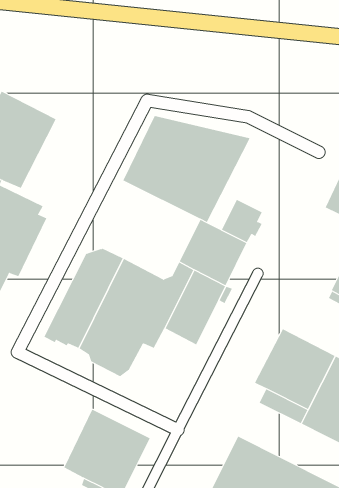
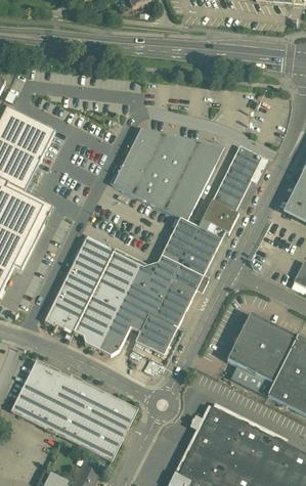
building: none -> [212,145,262,212]
building: none -> [135,313,177,355]
building: none -> [12,361,86,434]

